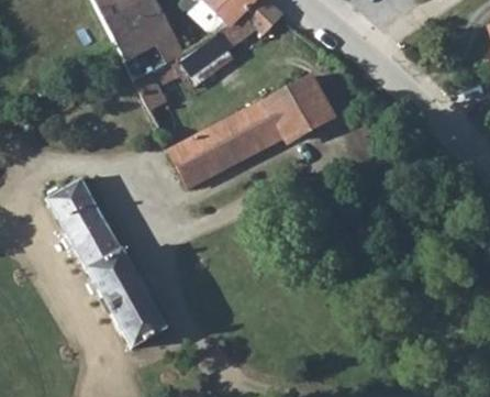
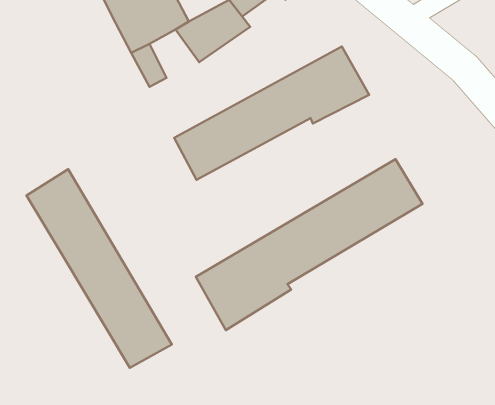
building: none -> [196,159,423,330]

